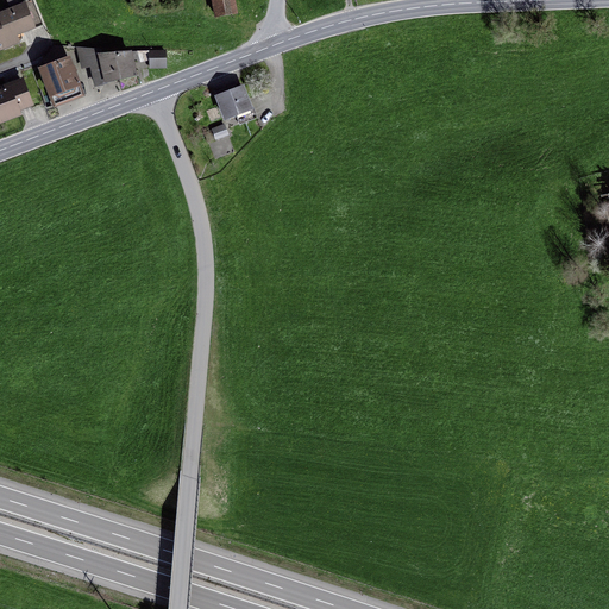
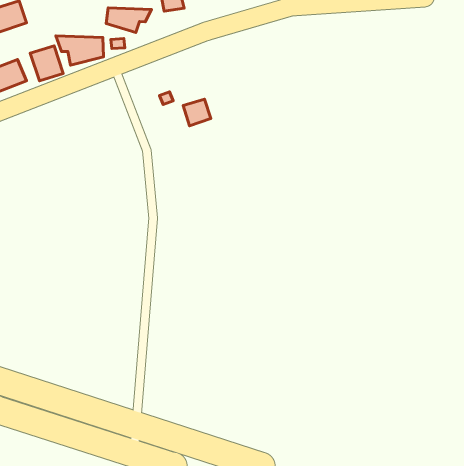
building: none -> [106,8,151,33]
building: [216,86,252,120] -> [183,99,211,126]

